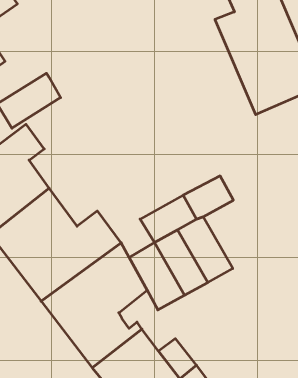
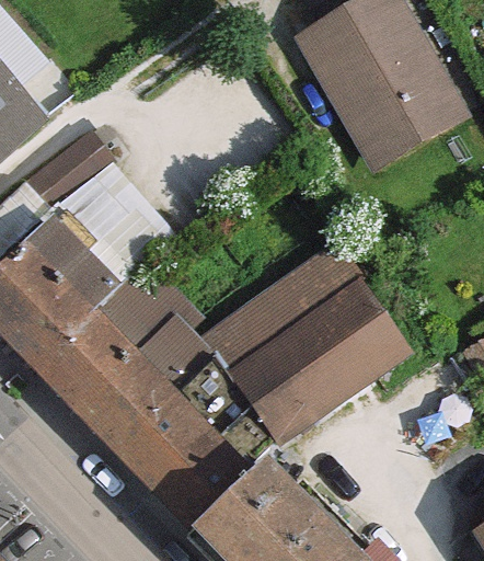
building: none -> [324,282,408,375]

